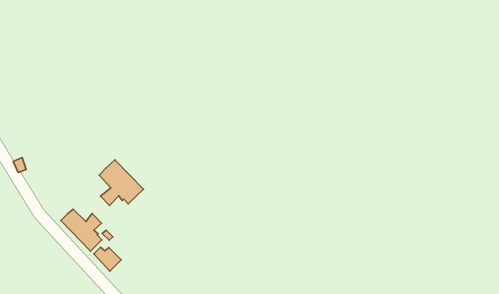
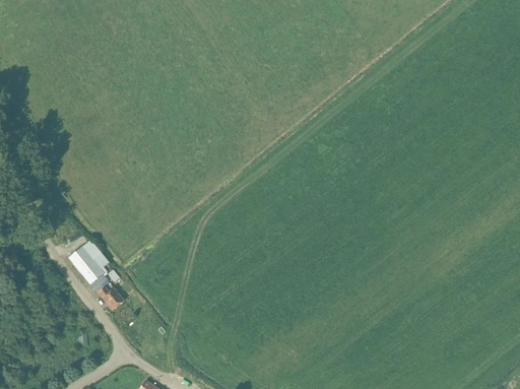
building: [99,160,143,205] -> none

